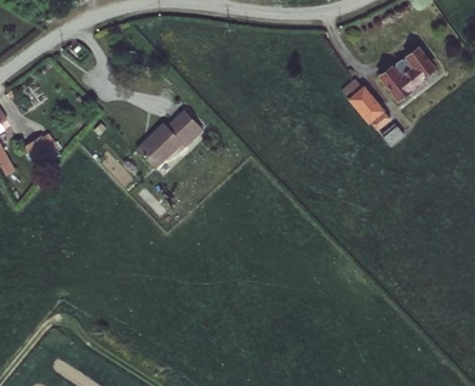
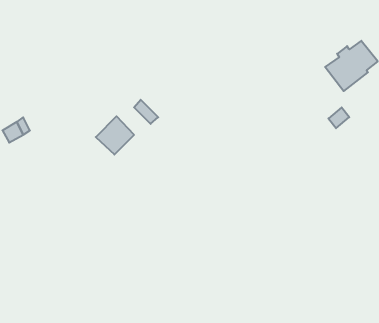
building: [349,87,393,131] -> none
building: [151,123,189,153] -> none

